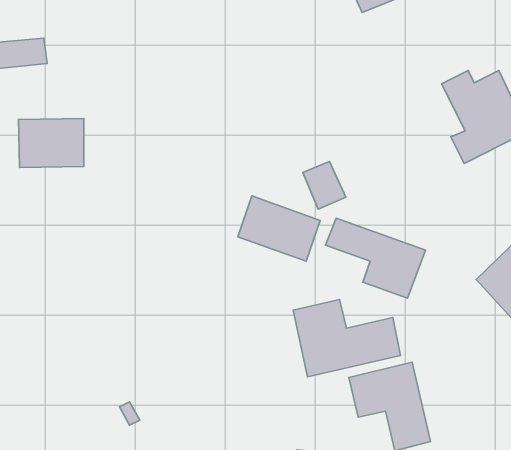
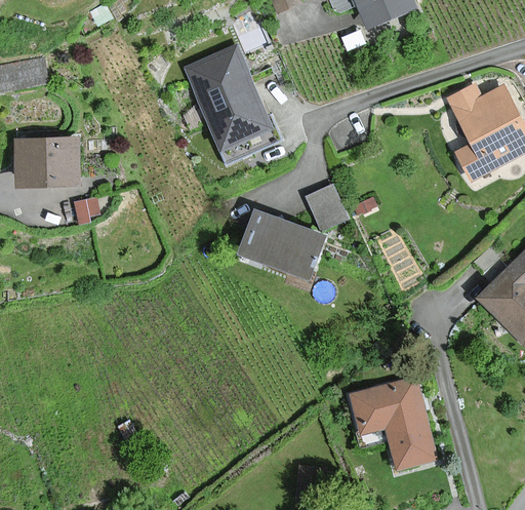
building: none -> [184,46,271,152]
building: [325,218,425,298] -> none
building: [293,300,401,377] -> none

